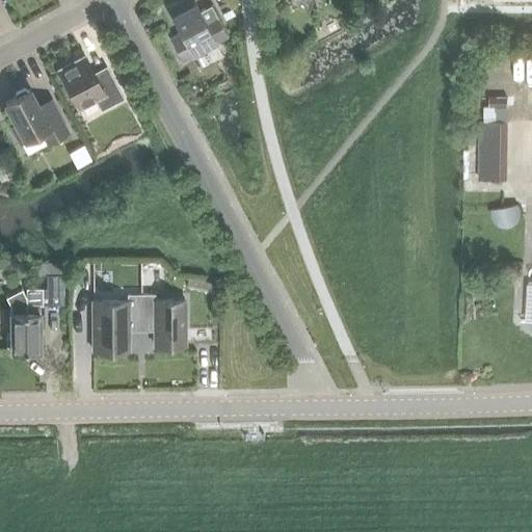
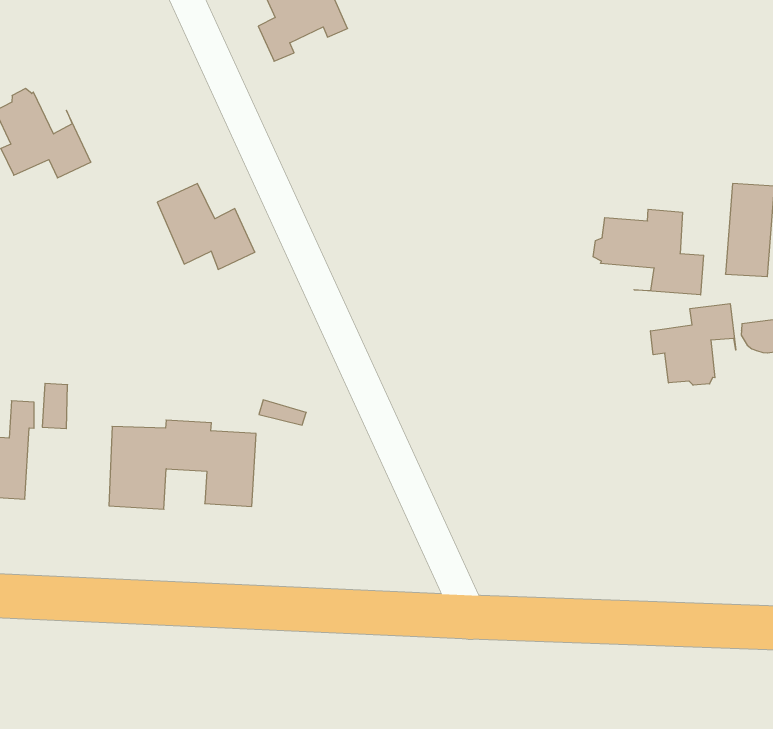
building: [59,58,124,112] -> [157,184,255,269]
building: none -> [593,209,704,295]
building: none -> [651,304,736,385]

